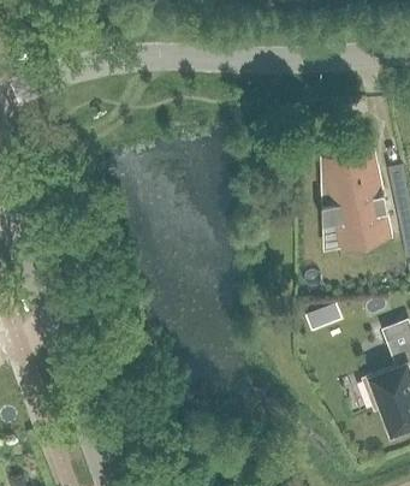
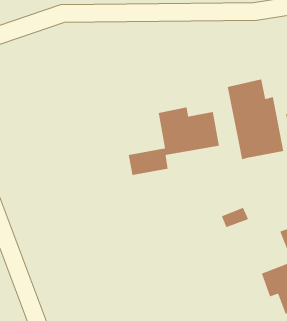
building: none -> [128,107,220,176]

